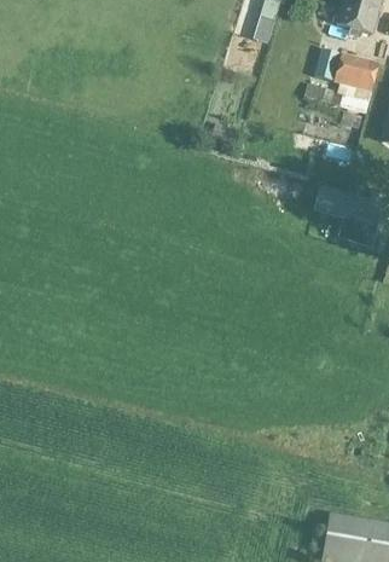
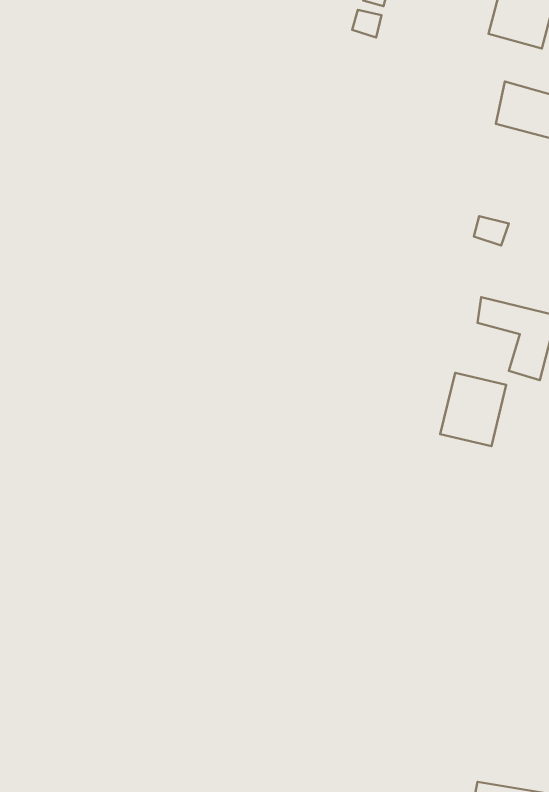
building: none -> [440,373,506,446]

